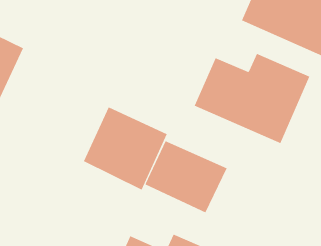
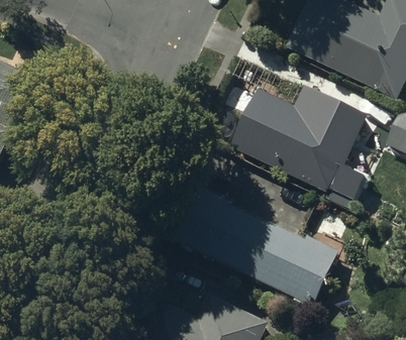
building: [83,107,167,190] -> none
building: none -> [244,220,338,304]

